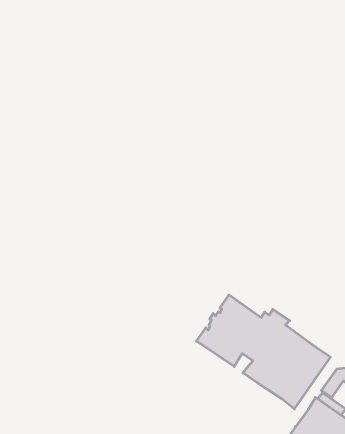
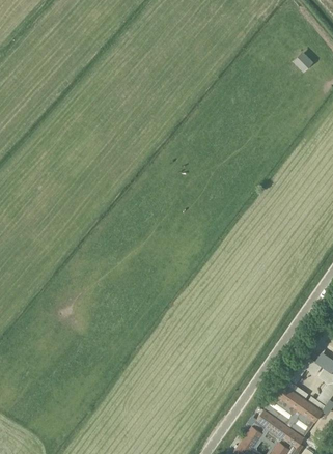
building: [196,295,330,409] -> none

